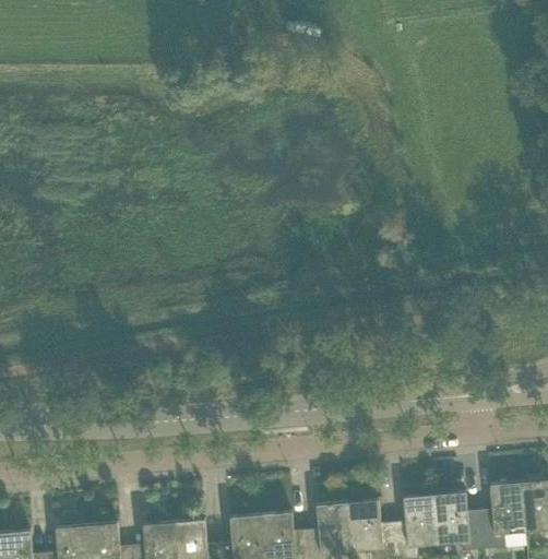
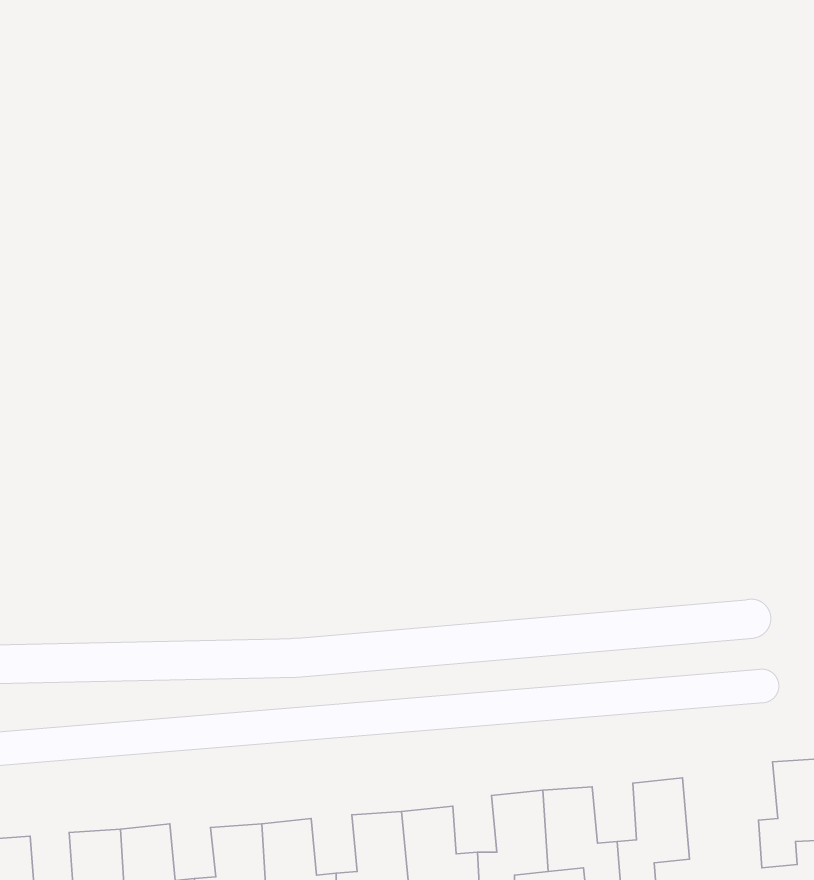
building: [433,492,483,551] -> none

